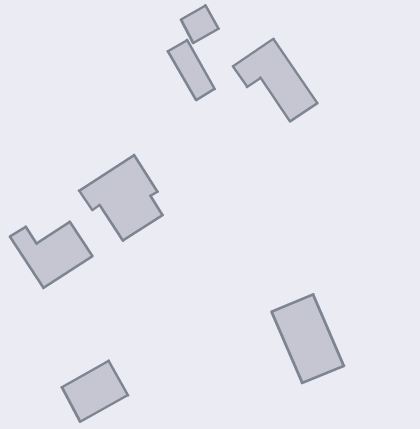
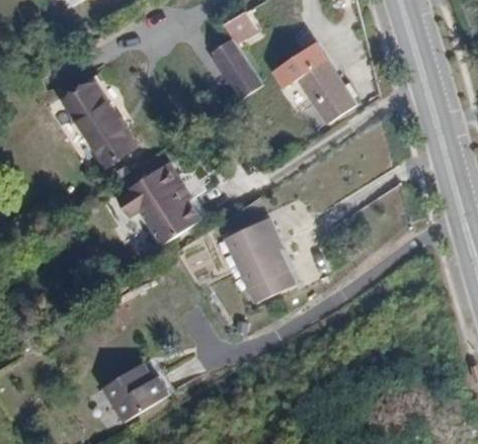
building: none -> [59,86,125,166]
building: [10,222,92,288] -> none
building: [272,294,344,383] -> [227,215,299,303]

